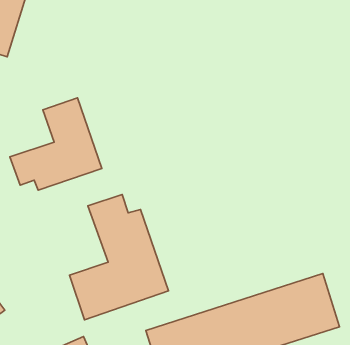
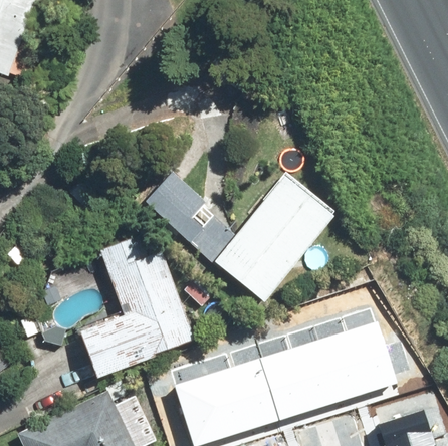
building: [10,98,102,190] -> none
building: none -> [150,170,337,299]

